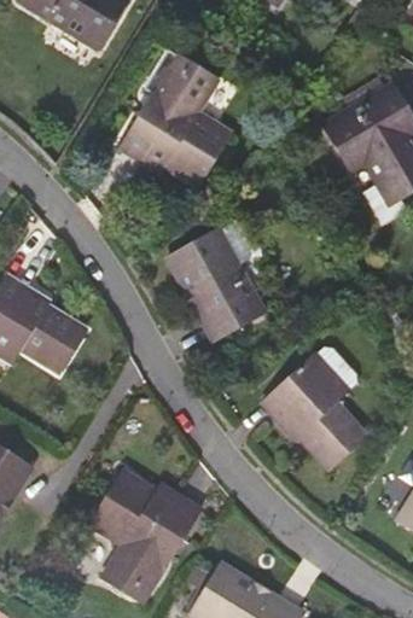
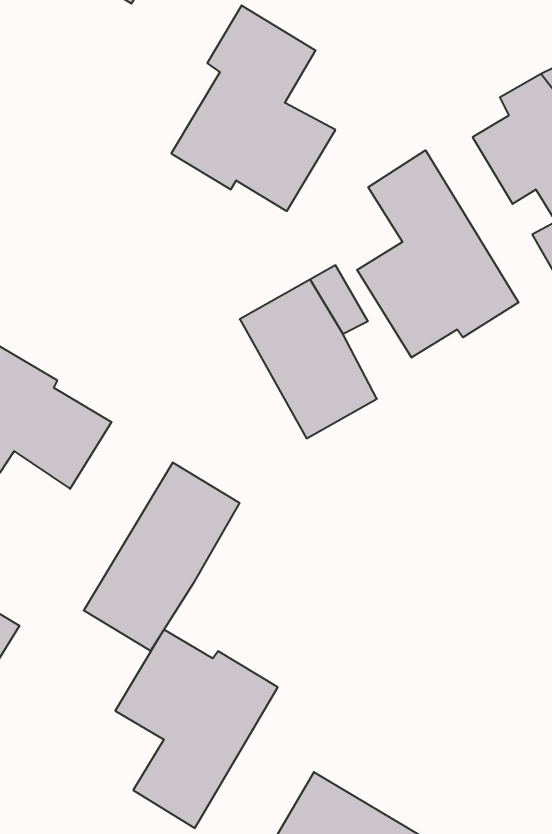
building: none -> [357,150,519,358]
building: [262,352,366,465] -> none
building: none -> [84,462,239,651]

